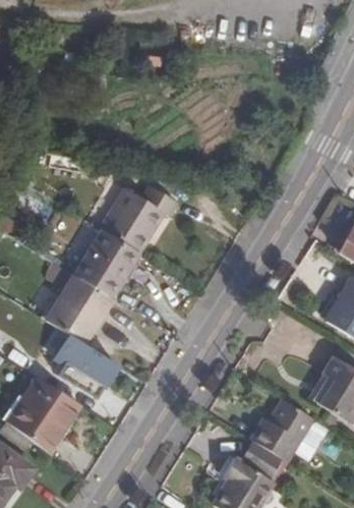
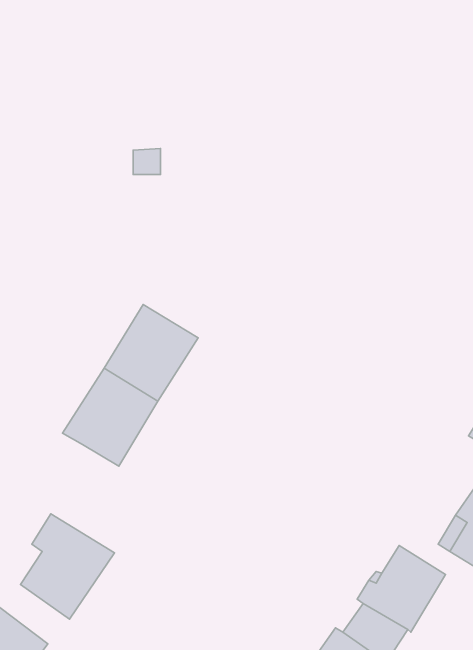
building: [102,184,178,252] -> none
building: [39,328,115,394] -> none

